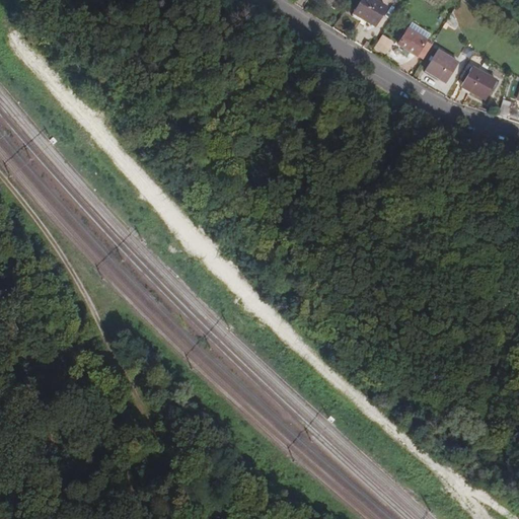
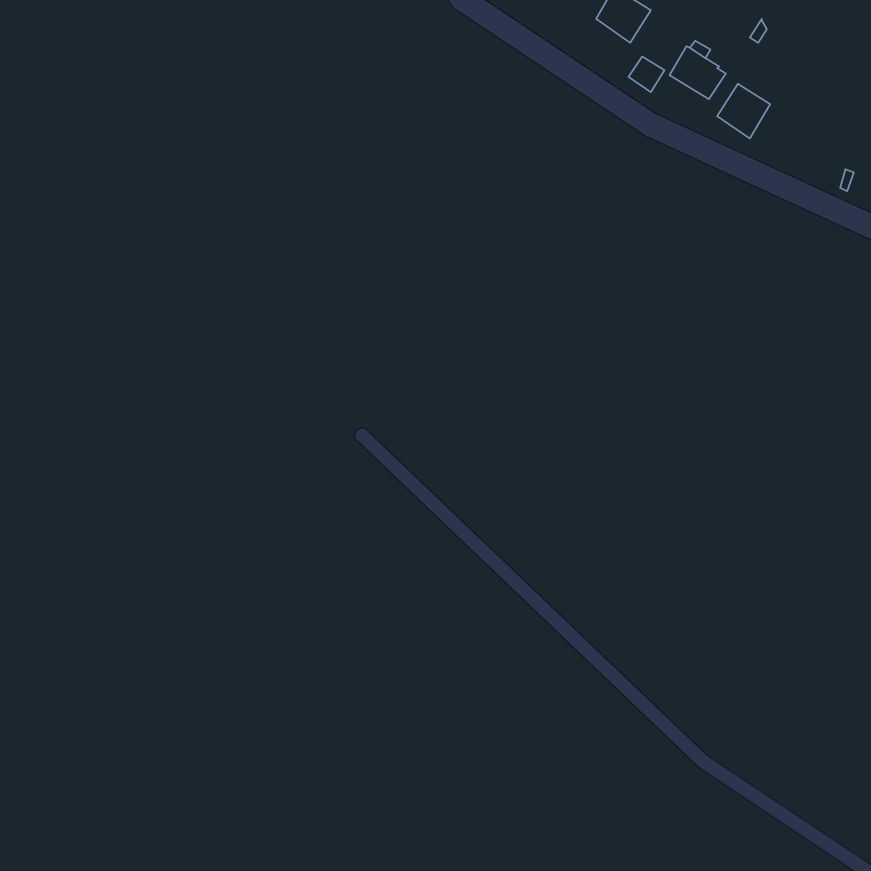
building: [462,67,497,99] -> none

